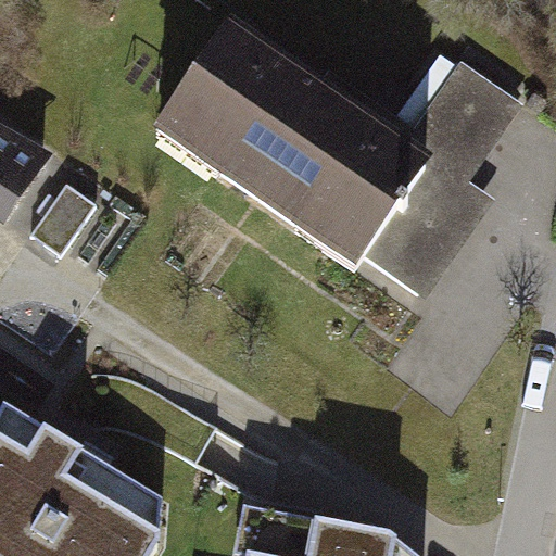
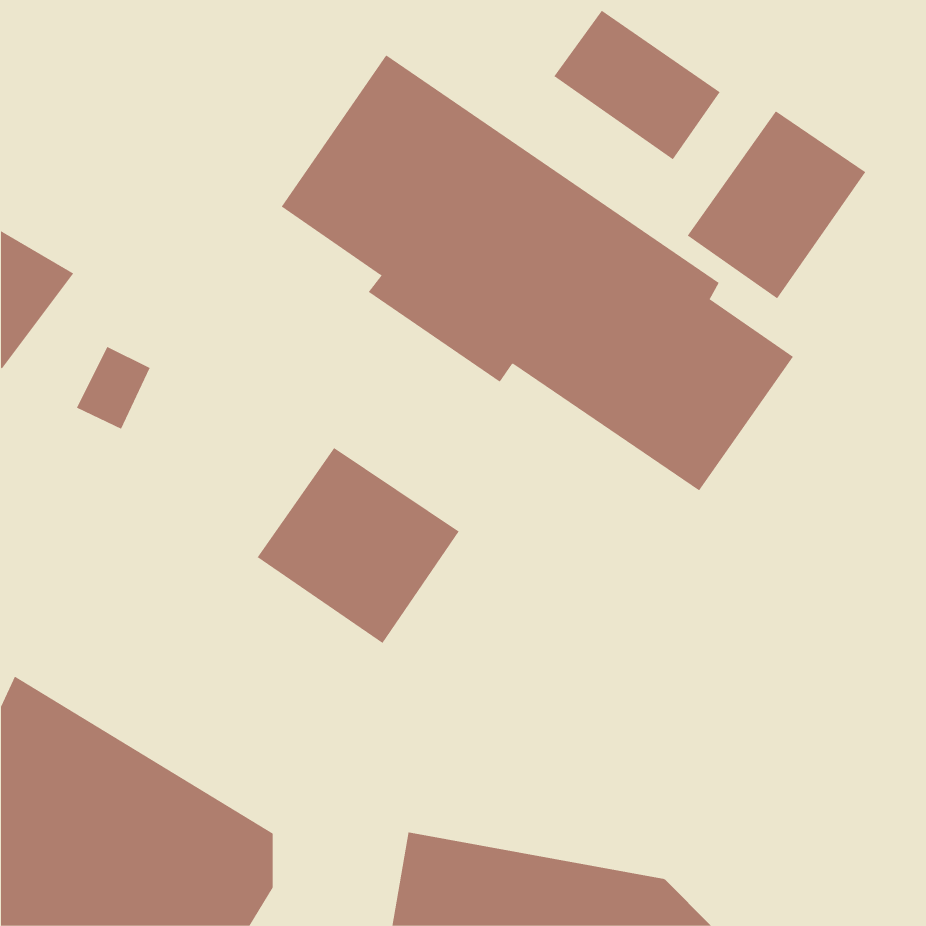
building: none -> [554,10,721,160]
building: none -> [257,447,459,644]

